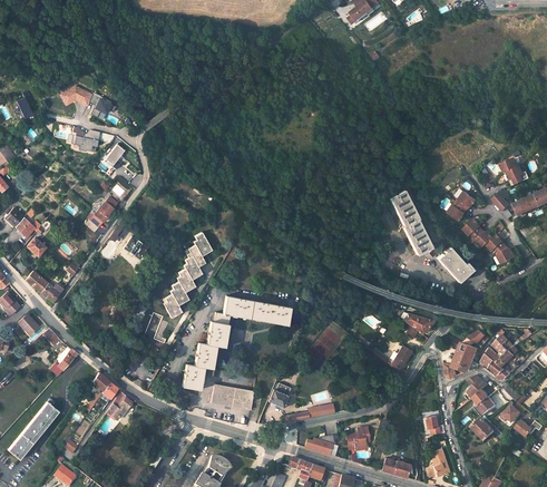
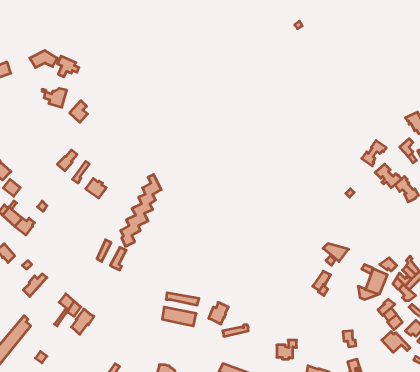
building: [390,191,431,255] -> none
building: [437,247,473,282] -> none
building: [180,296,290,390] -> none
building: [303,434,336,455] -> none

